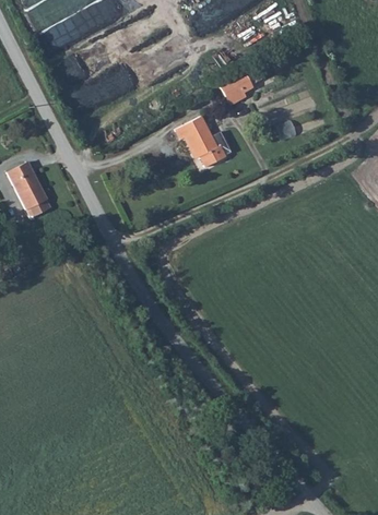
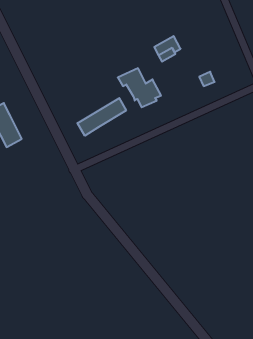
building: none -> [77,98,126,136]

